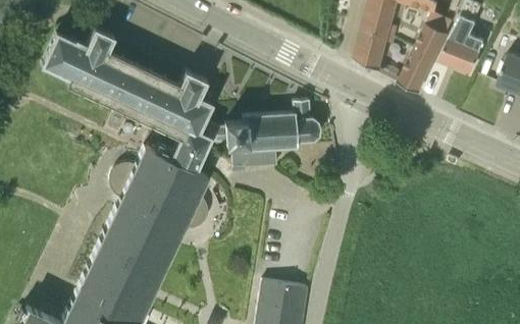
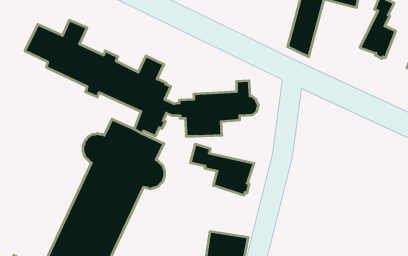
building: [400,13,453,93] -> none
building: none -> [191,144,254,195]

